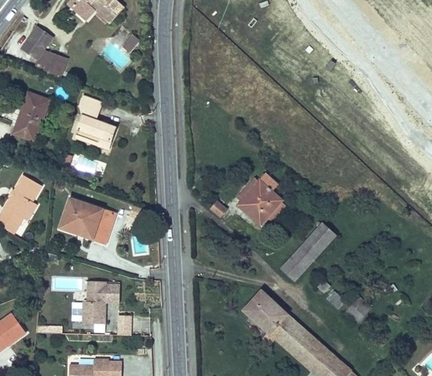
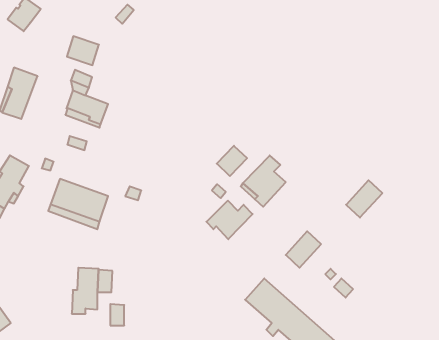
building: [36,51,66,78] -> [67,36,99,65]
building: none -> [217,146,247,176]
building: none -> [206,201,253,239]
building: [301,223,335,258] -> [346,180,382,218]

